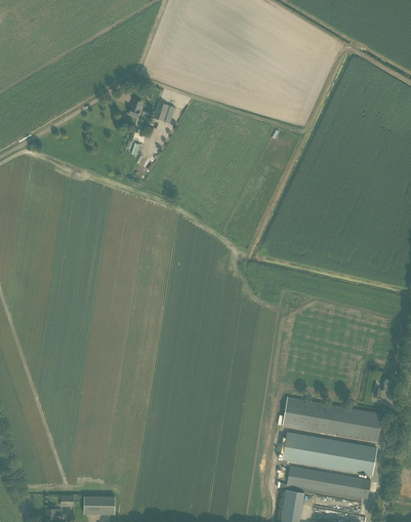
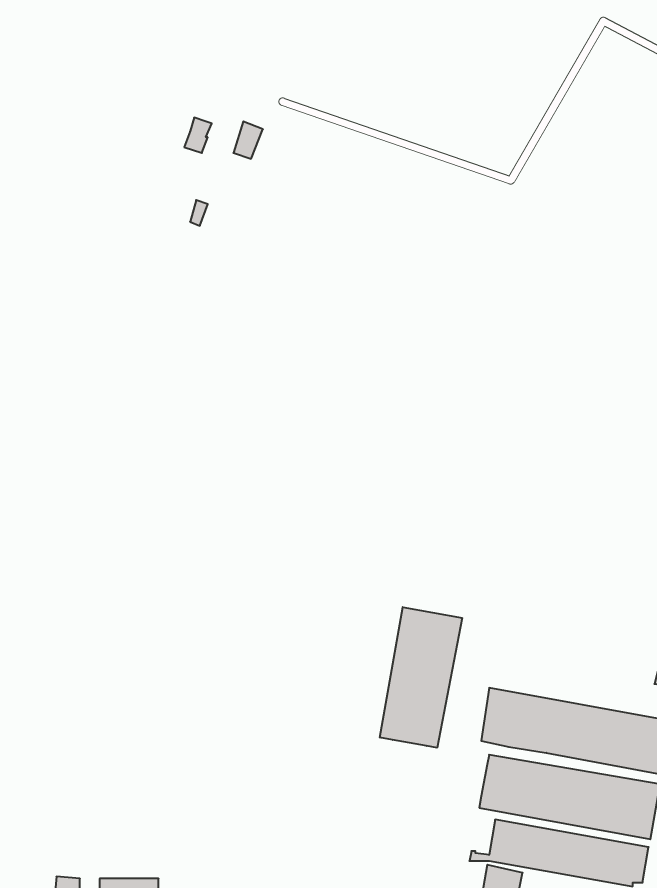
building: none -> [380,607,462,748]

